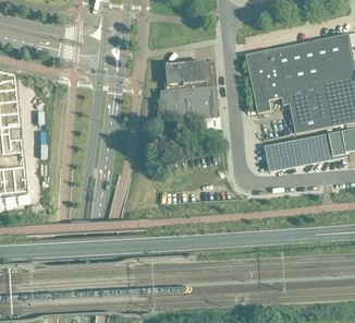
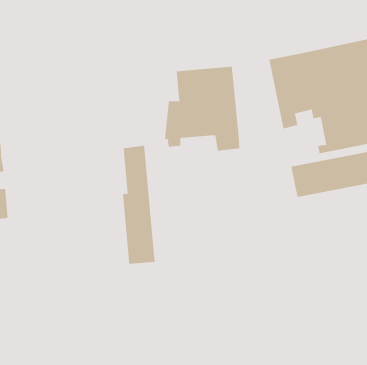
building: none -> [123,145,155,264]

